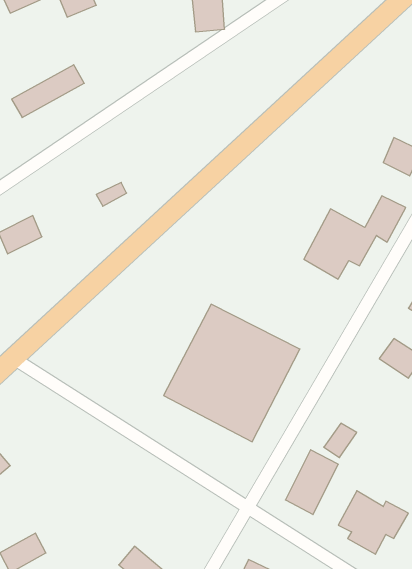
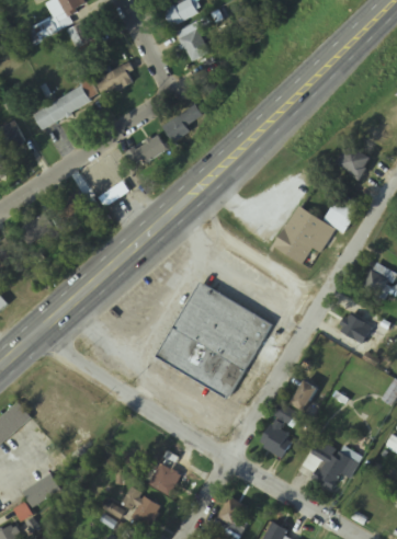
building: none -> [95,65,134,93]
building: none -> [163,102,203,141]
building: none -> [125,137,165,167]
building: none -> [148,449,180,493]

